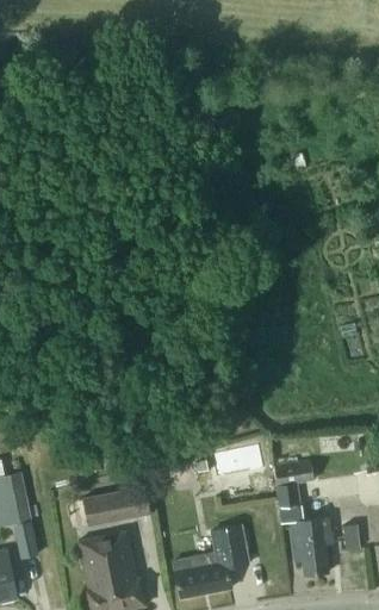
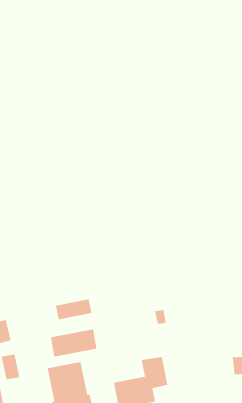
building: none -> [55,299,92,320]
building: [273,459,331,577] -> none

